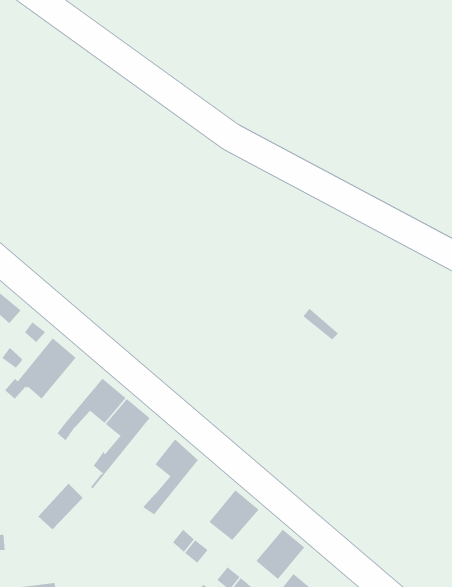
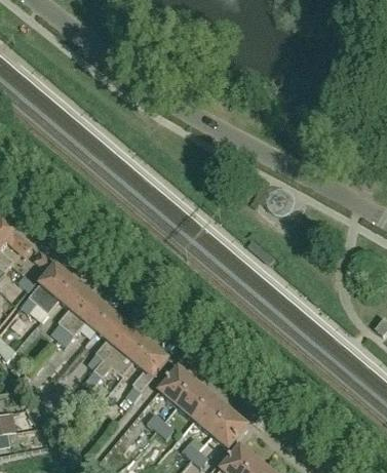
building: none -> [53,280,95,338]
building: none -> [88,326,151,385]
building: none -> [159,366,197,405]
building: none -> [195,396,233,435]

